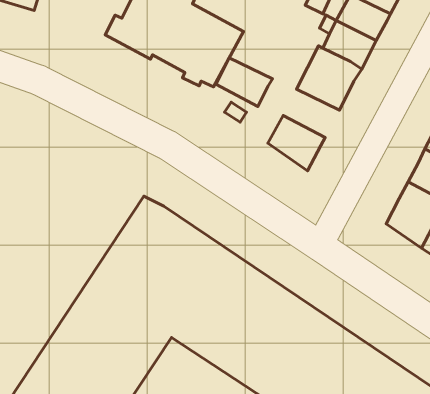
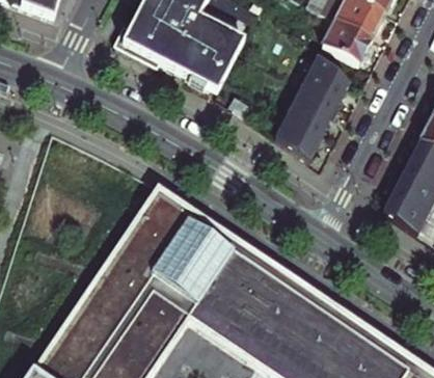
building: [216,58,272,106] -> [284,88,337,134]

